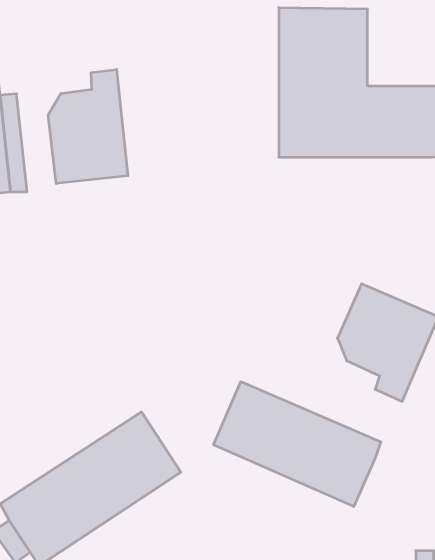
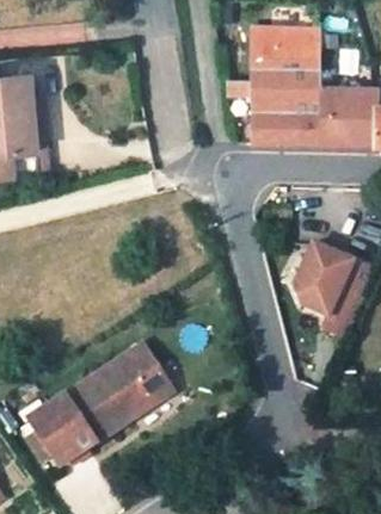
building: [48,69,128,184] -> none
building: [214,382,381,507] -> none

